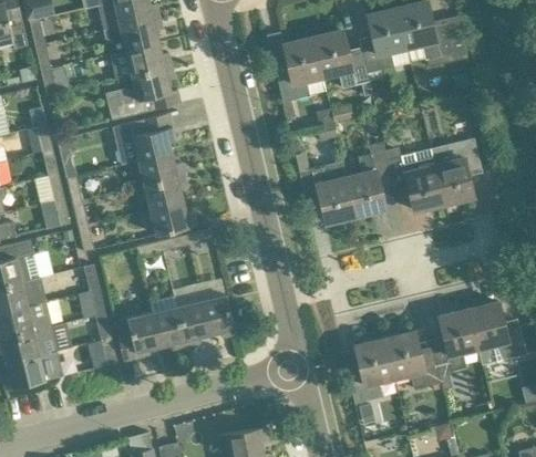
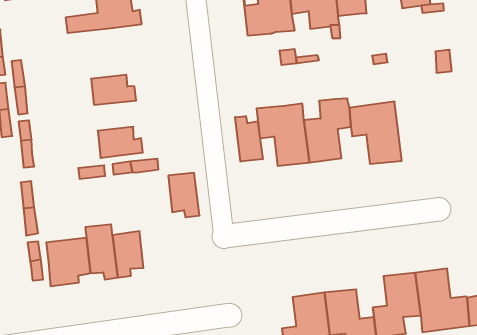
building: [117,113,175,160] -> none
building: [430,138,480,204] -> none
building: [144,176,187,209] -> none
building: none -> [235,116,263,162]
building: [202,294,236,337] -> [168,173,200,217]

